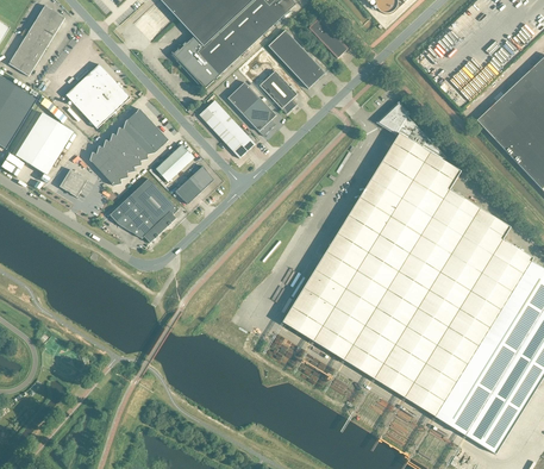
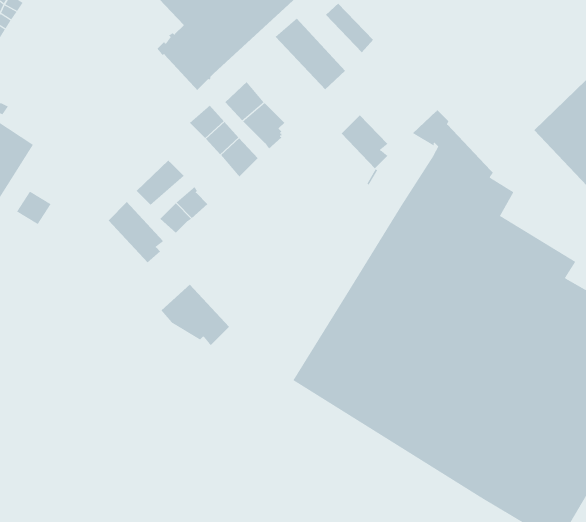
building: [65,62,131,127] -> none
building: [260,69,298,113] -> [341,114,388,169]
building: [90,107,169,183] -> none
building: [110,192,165,242] -> [160,284,230,346]

